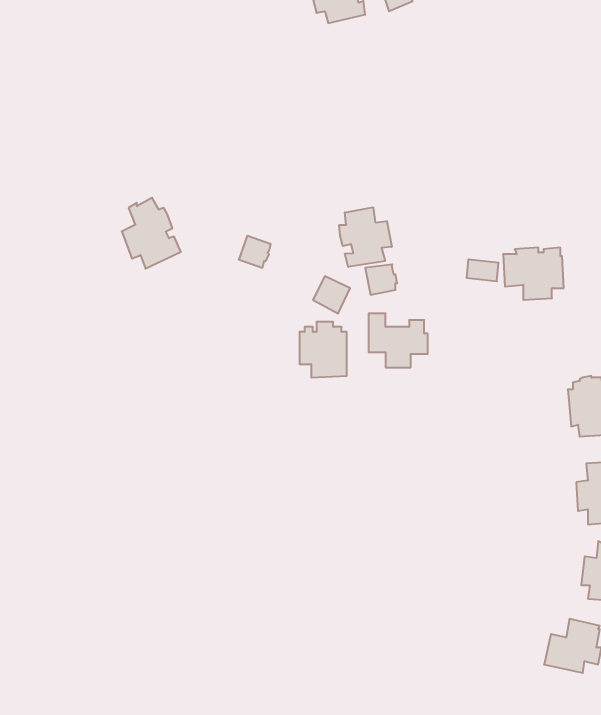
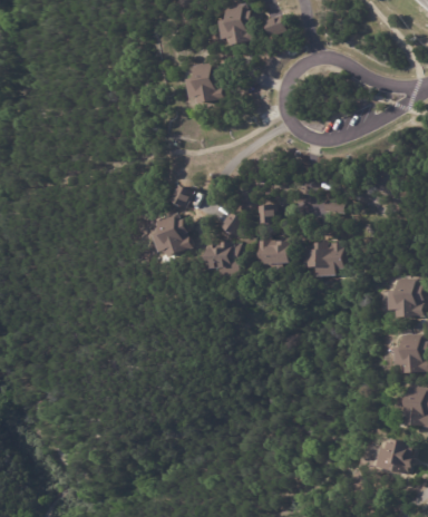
building: none -> [187,61,224,104]
building: [122,198,181,269] -> [155,212,194,258]
building: [339,207,392,267] -> none
building: [503,248,564,300] -> [302,241,342,275]

